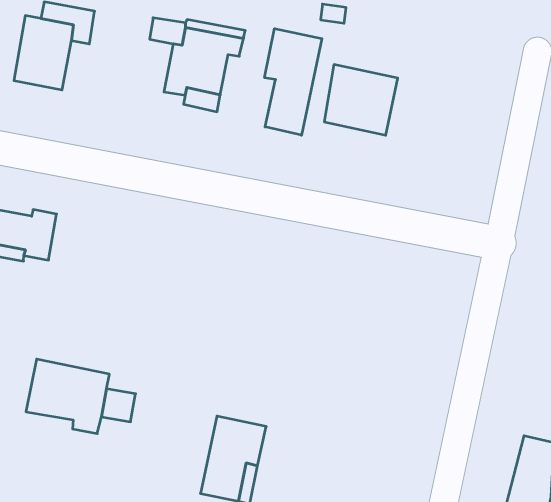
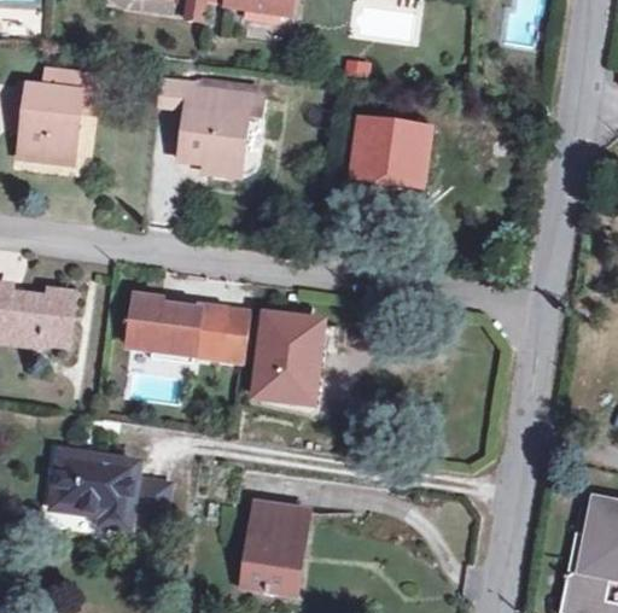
building: [265,29,322,135] -> none
building: none -> [129,298,252,361]
building: none -> [256,316,321,402]

